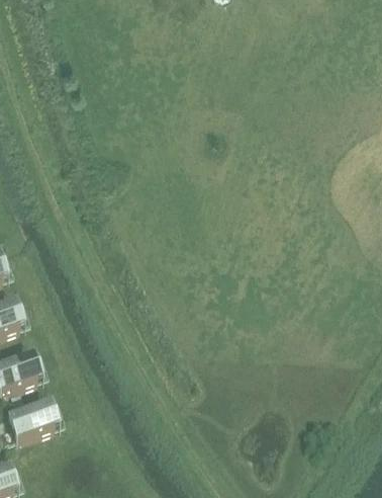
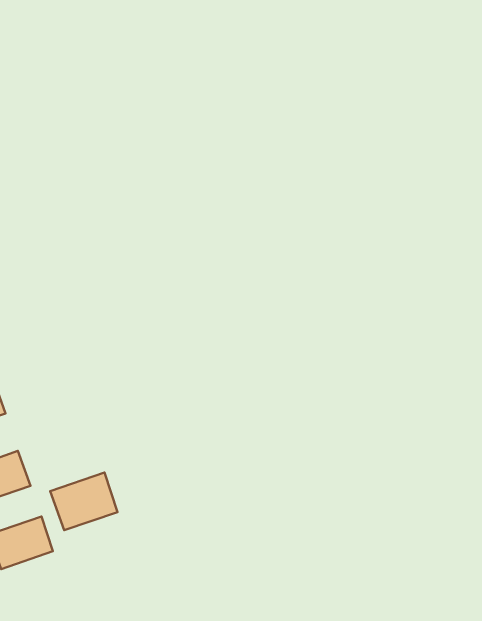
building: none -> [50,472,118,530]

